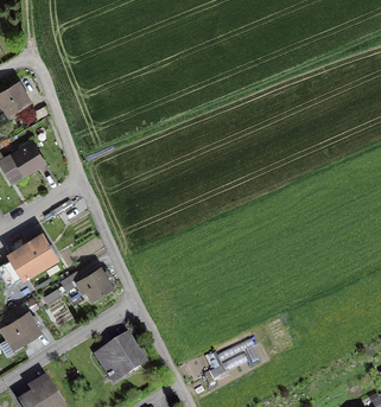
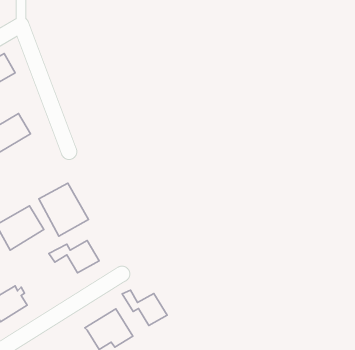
building: none -> [39,183,88,236]
building: none -> [122,290,167,325]

